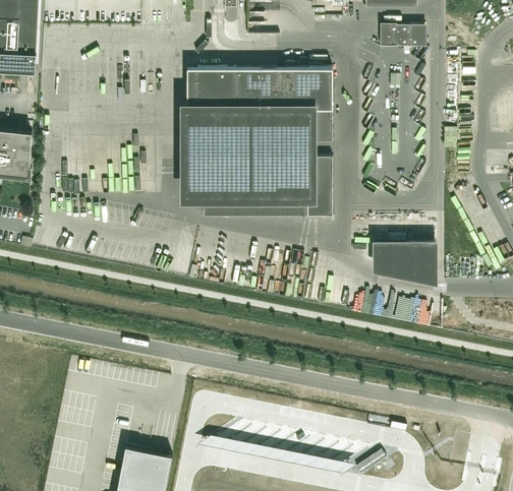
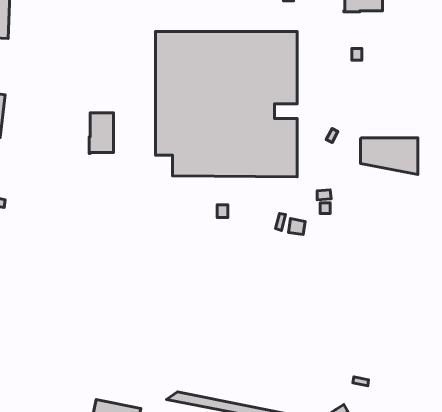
building: none -> [89,113,113,154]
building: [375,243,434,281] -> [360,138,418,174]

